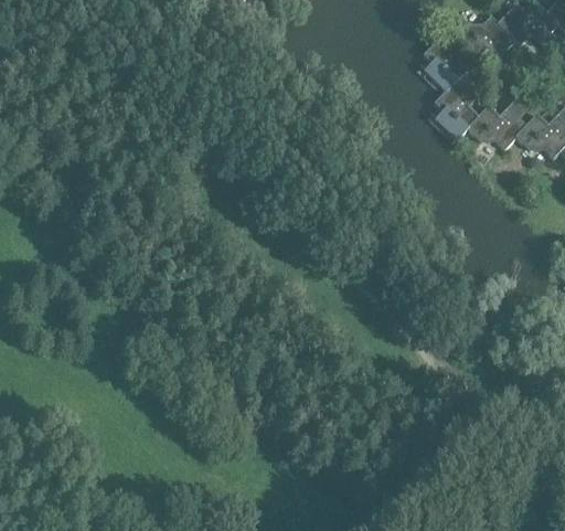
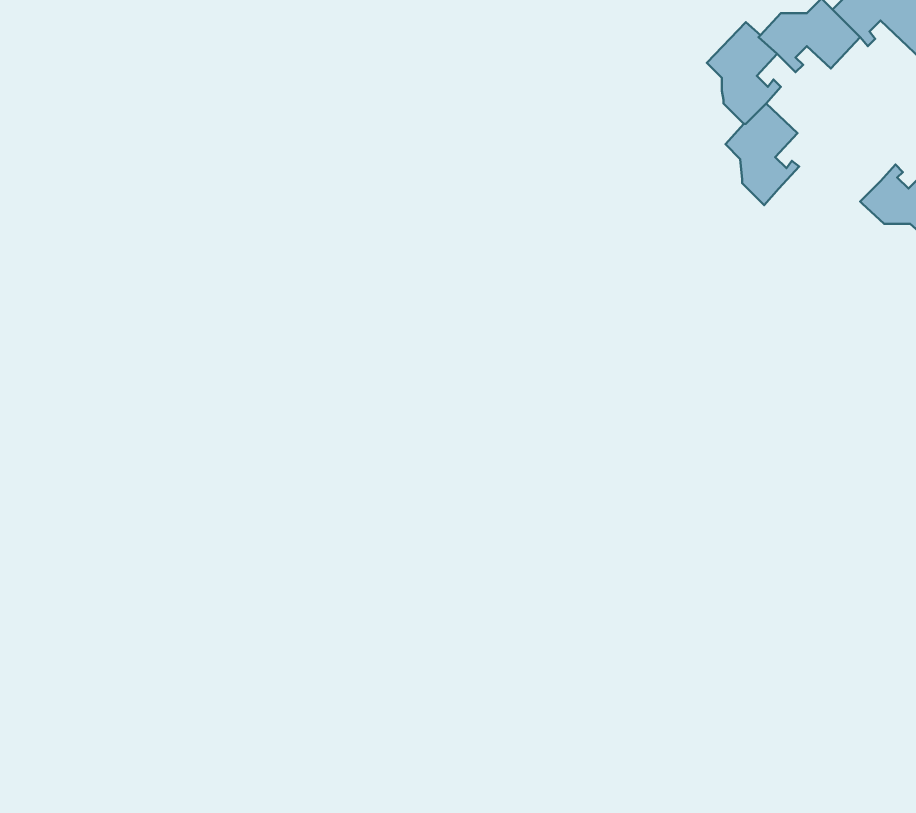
building: [467,95,530,149] -> none

